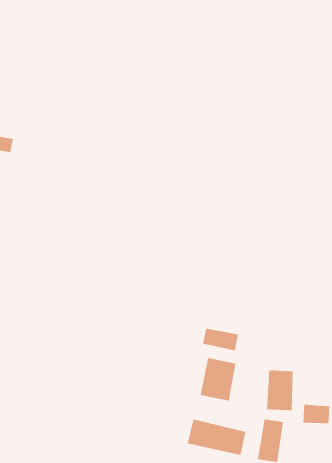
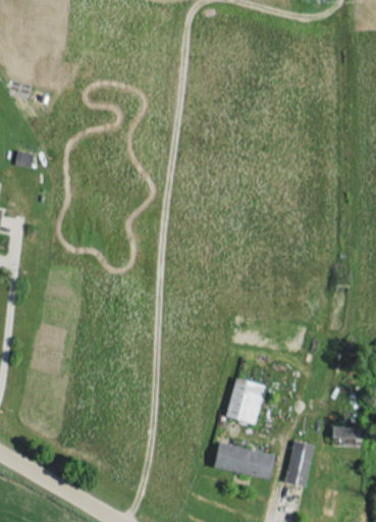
building: [202,328,239,351] -> none
building: [267,370,293,411] -> none

